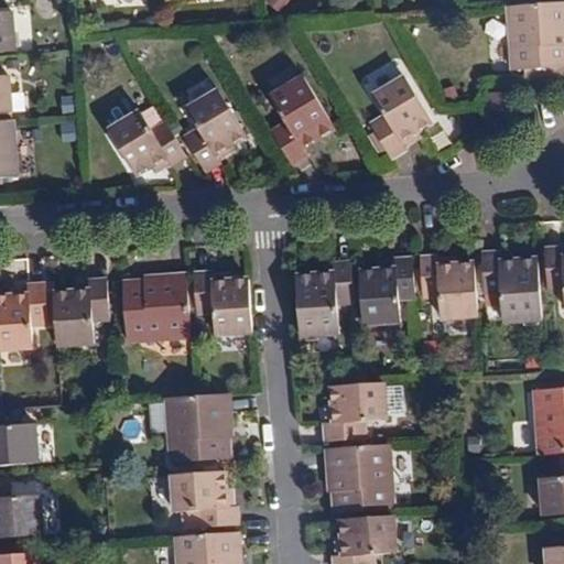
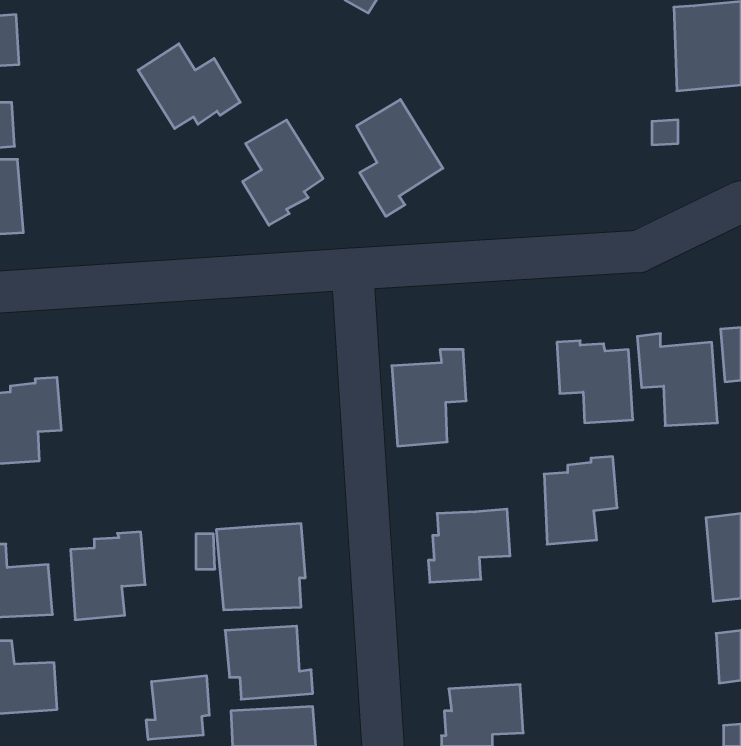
building: [370,76,432,158] -> none
building: [107,110,184,174] -> [138,44,240,129]
building: [359,258,414,324] -> [544,457,617,544]
building: [193,272,250,335] -> none
building: [122,274,188,340] -> none
building: [52,280,108,346] -> [71,532,145,620]
building: [325,444,391,510] -> none
building: none -> [146,676,209,740]

